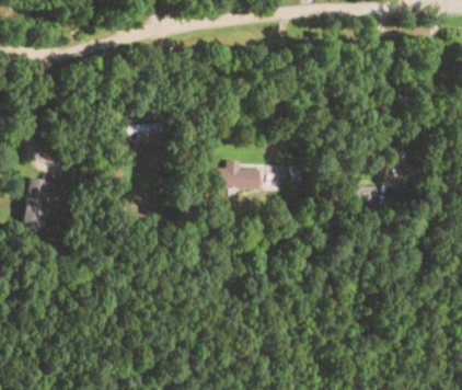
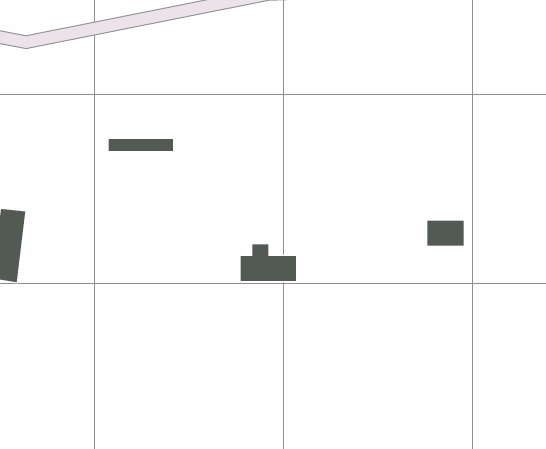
building: [218,160,261,188] -> [240,244,297,282]

